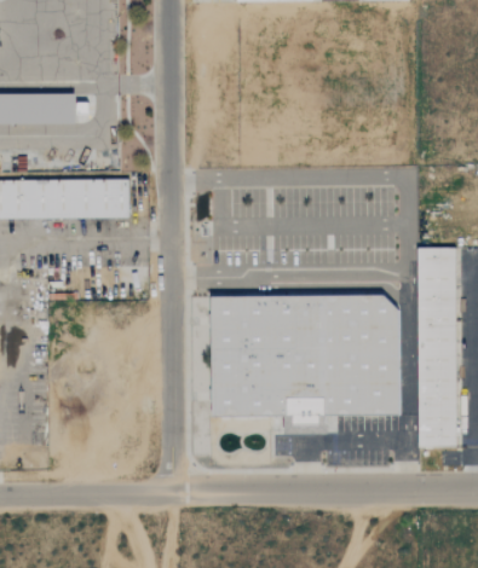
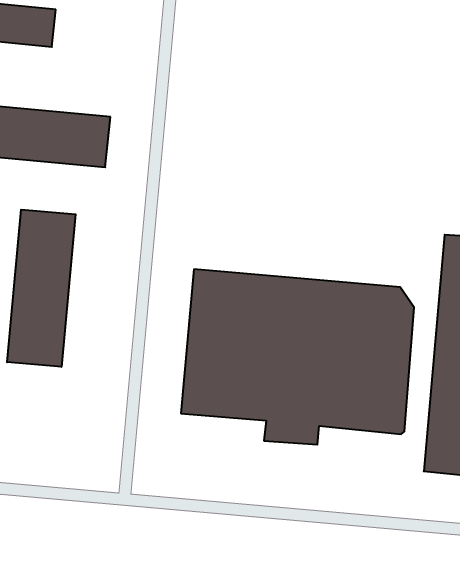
building: none -> [7,210,76,367]

